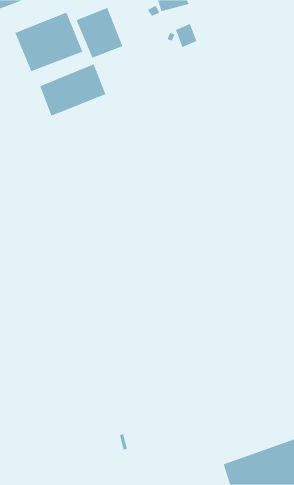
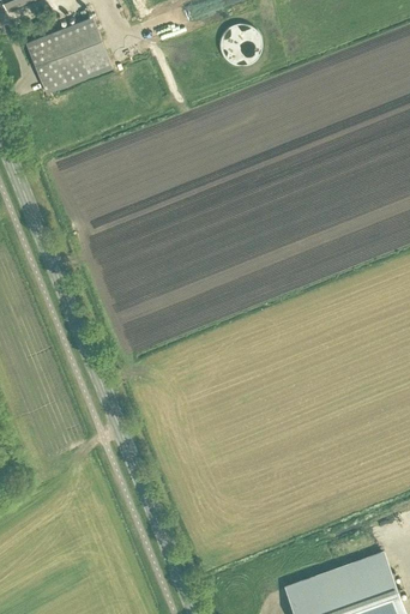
building: [76,7,123,59] -> none
building: [39,63,106,117] -> none

